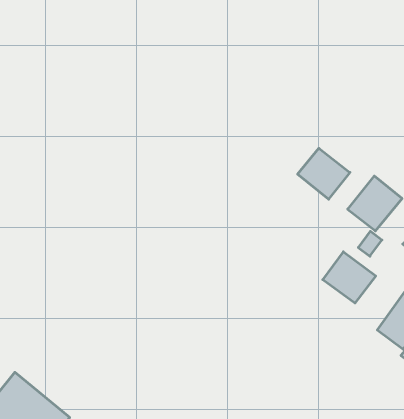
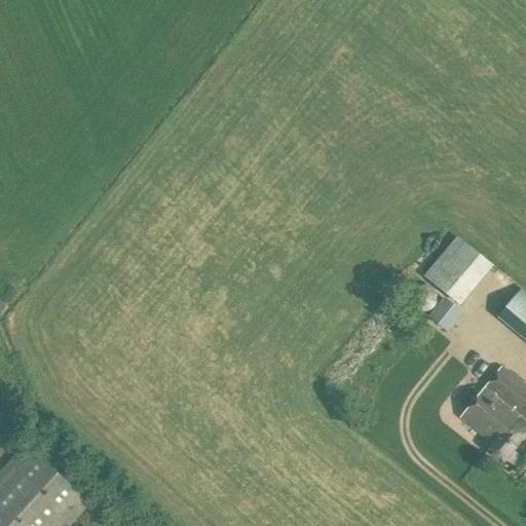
building: [298,148,350,199] -> none
building: [323,252,376,303] -> none

